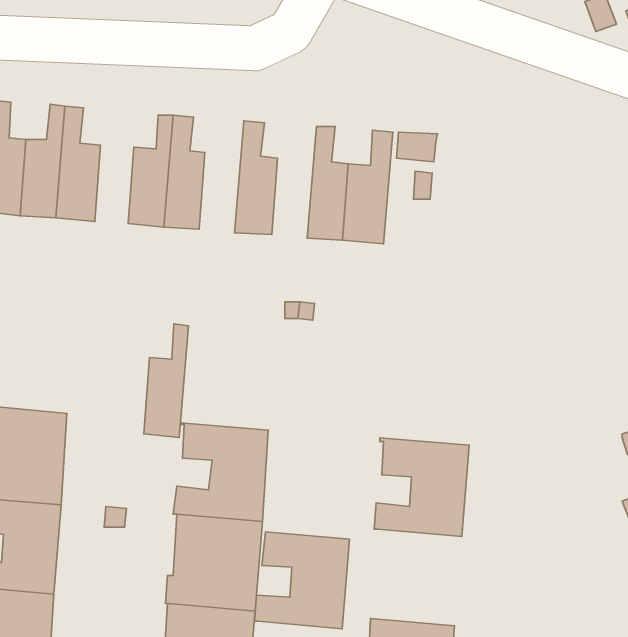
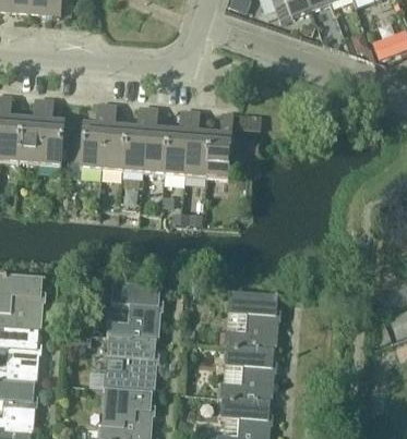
building: none -> [164,109,190,175]
building: [144,324,189,437] -> [121,106,147,172]
building: [254,532,349,629] -> [219,345,275,402]

